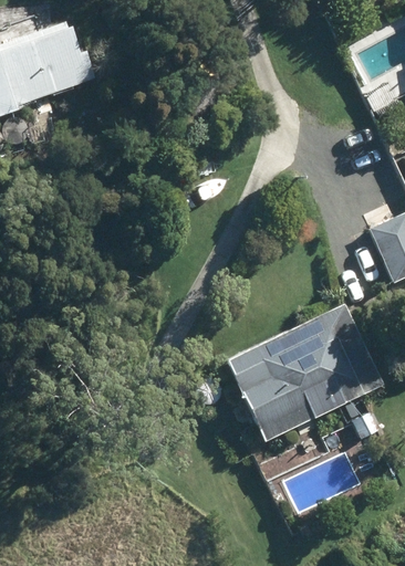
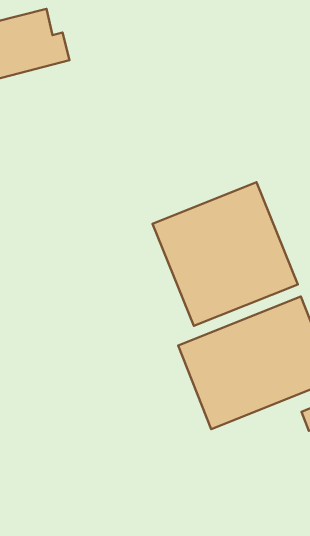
building: none -> [153,182,298,326]

